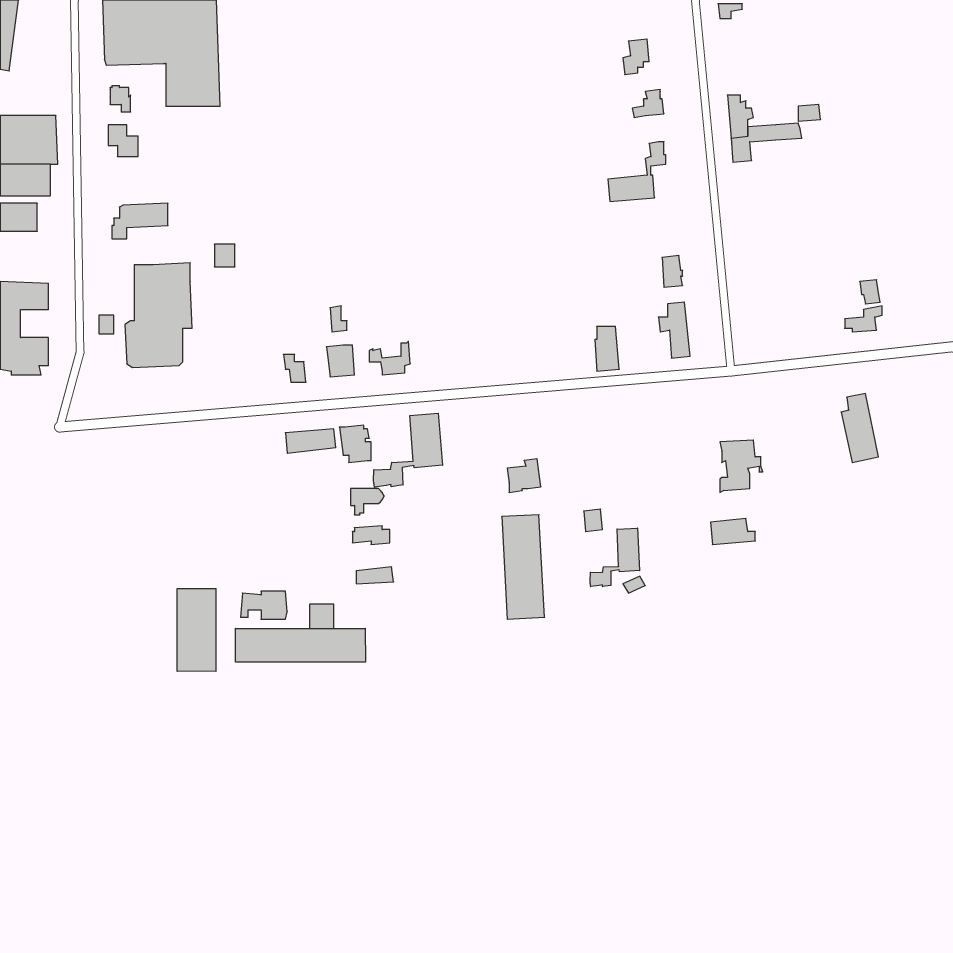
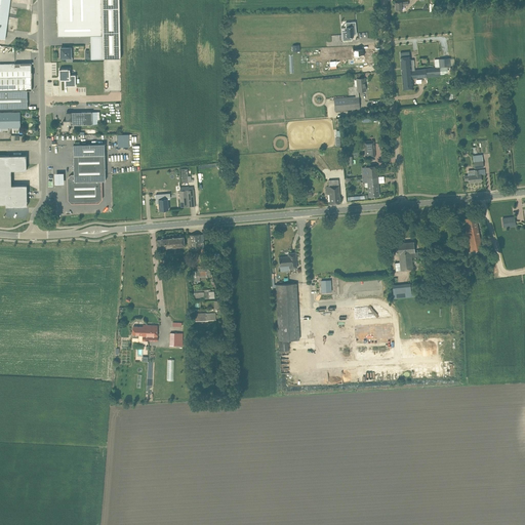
building: [373,413,443,487] -> none
building: [590,528,640,587] -> none
building: [177,589,216,671] -> none
building: [235,628,365,662] -> none

